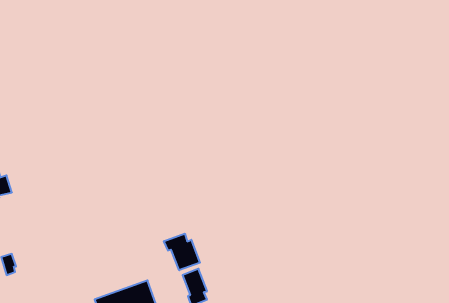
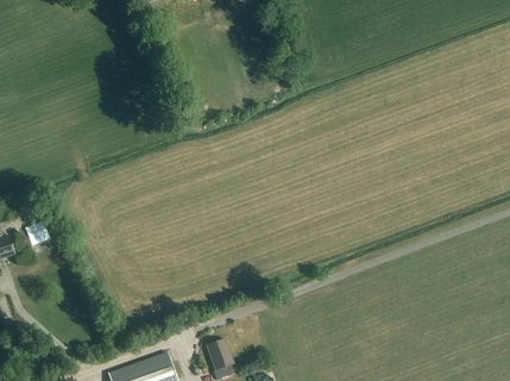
building: [164,234,200,270] -> none

